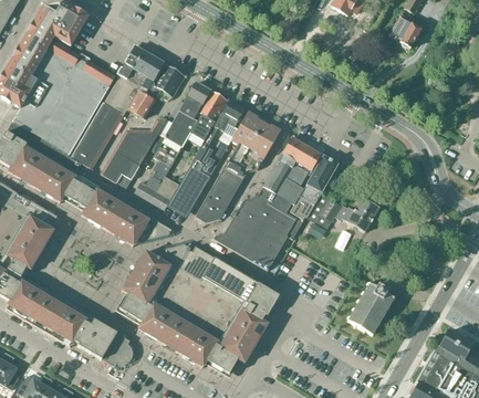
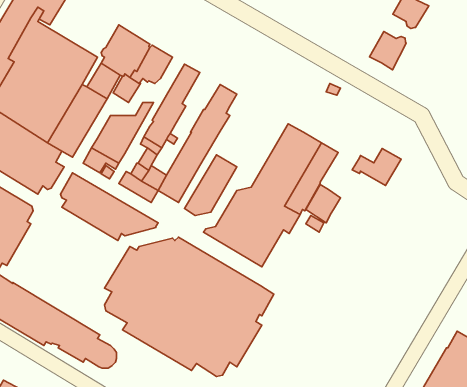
building: none -> [370,31,406,70]
building: [186,90,226,146] -> none
building: [225,112,280,177] -> none
building: [333,197,378,231] -> [352,148,401,185]
building: [346,282,395,334] -> none

